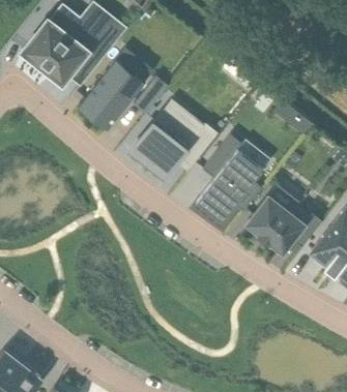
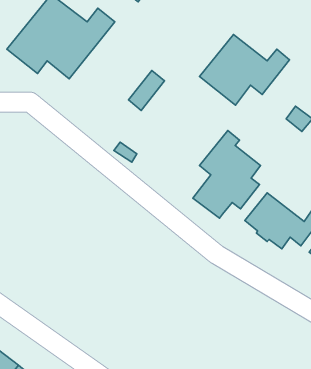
building: [78,58,145,128] -> none
building: [132,104,220,174] -> [200,34,290,105]

